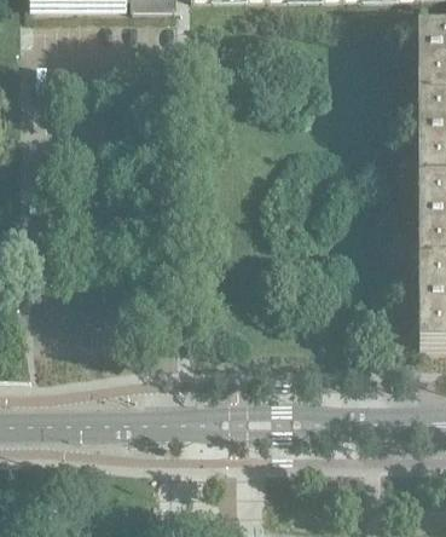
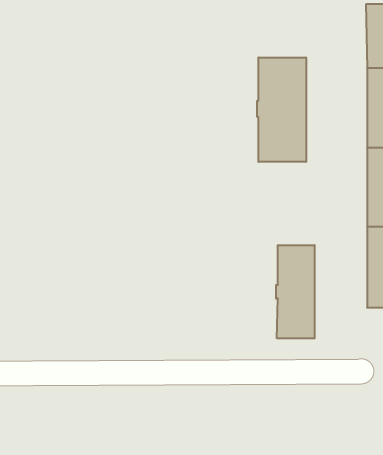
building: none -> [257,57,306,162]
building: none -> [276,245,315,338]

